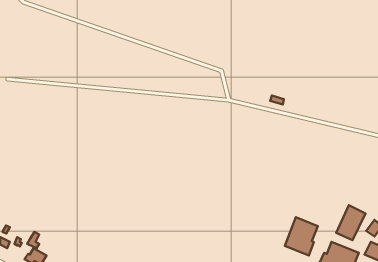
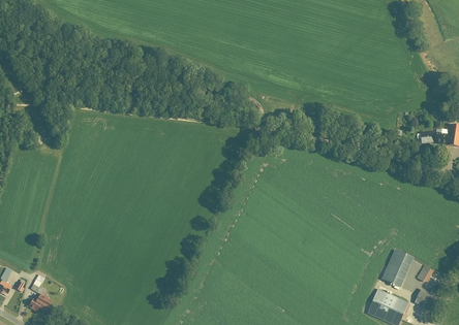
building: [285,217,318,256] -> none

